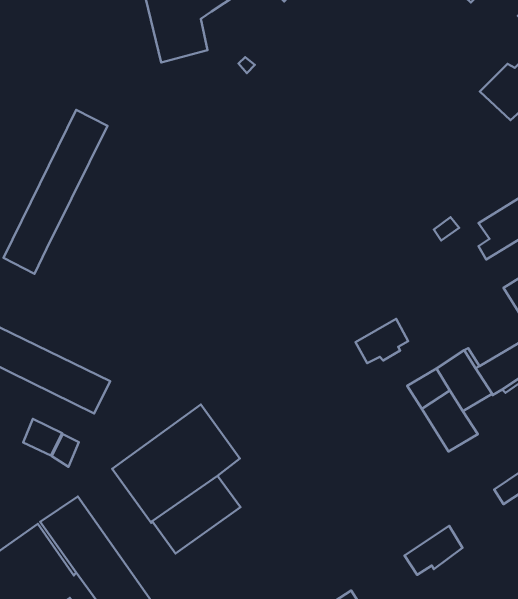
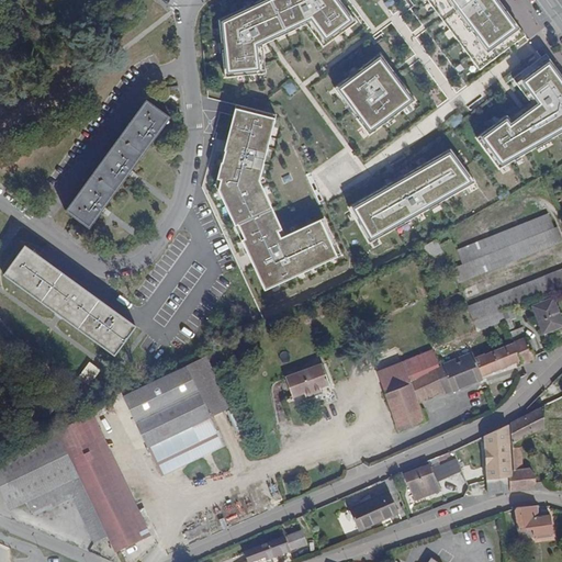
building: none -> [337,54,414,132]
building: none -> [218,104,339,292]
building: none -> [351,150,472,243]
building: [356,319,408,363] -> [284,363,327,395]
building: [23,419,62,456] -> none
building: none -> [404,464,439,499]

